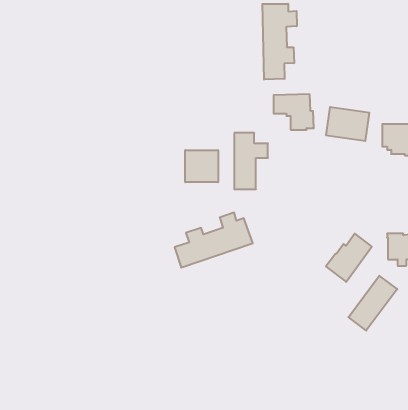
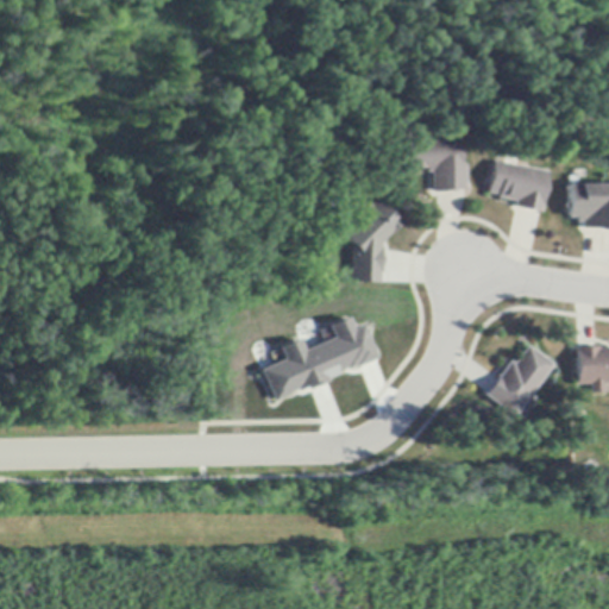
building: [262,4,297,80] -> none
building: [185,150,218,182] -> none
building: [348,276,397,331] -> none

